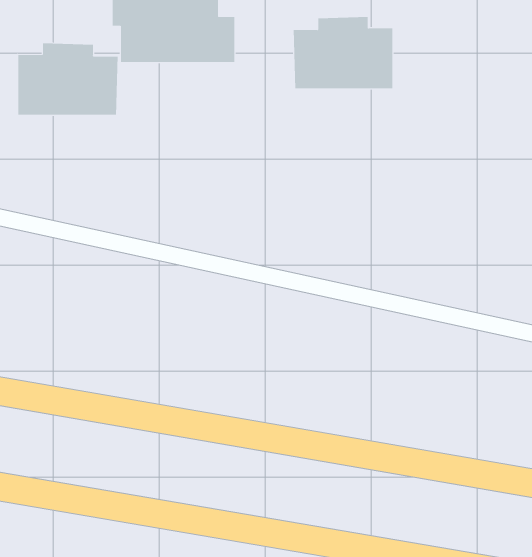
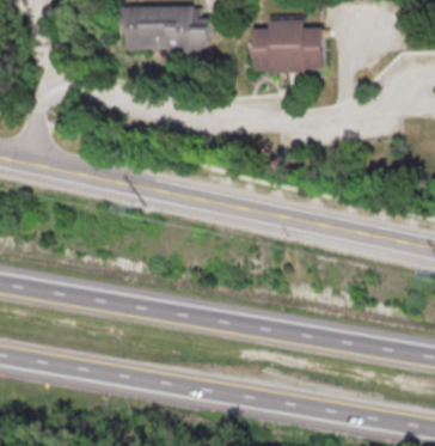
building: [18,42,118,115] -> none

